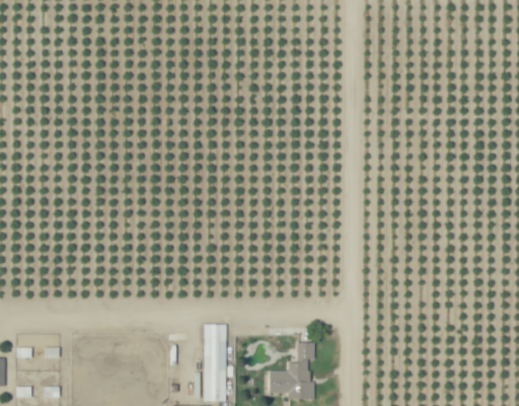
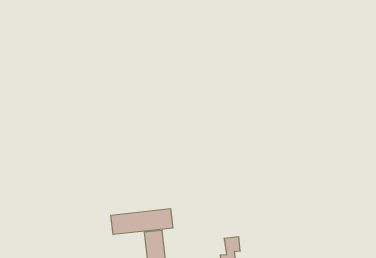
building: none -> [111,209,173,235]

